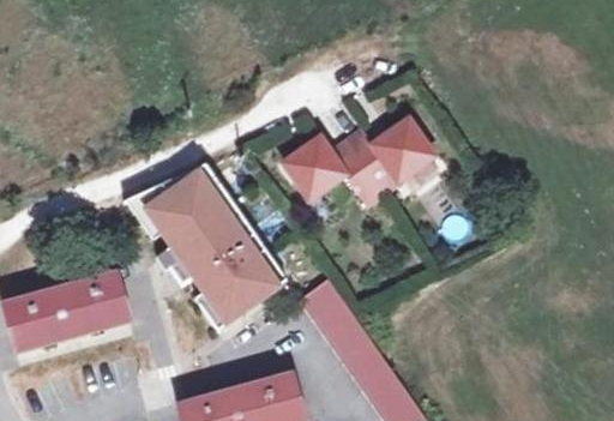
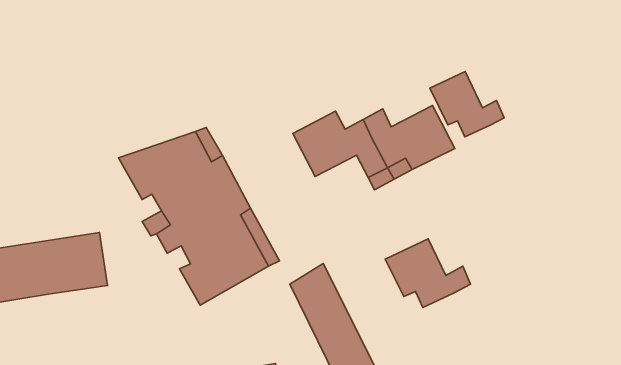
building: none -> [430,72,504,137]
building: none -> [385,239,471,308]

